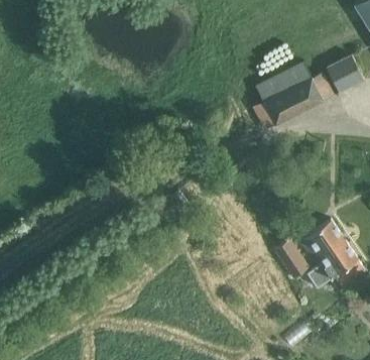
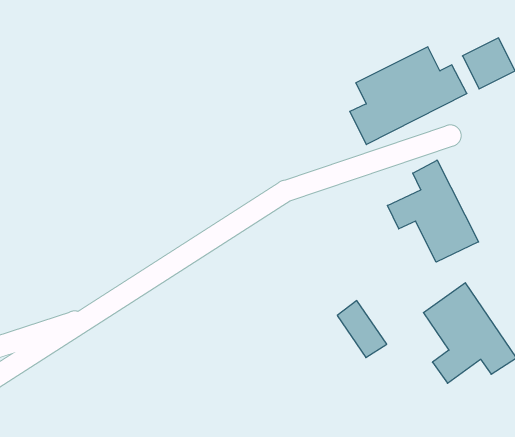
building: none -> [387,160,479,262]
building: [276,239,310,277] -> [337,301,387,358]

